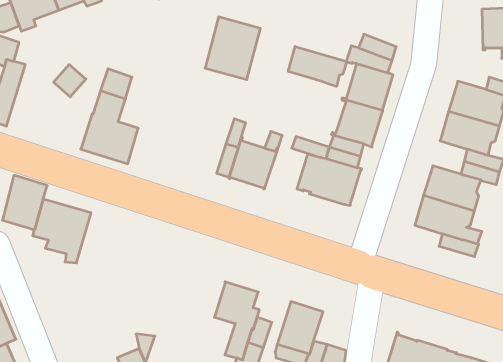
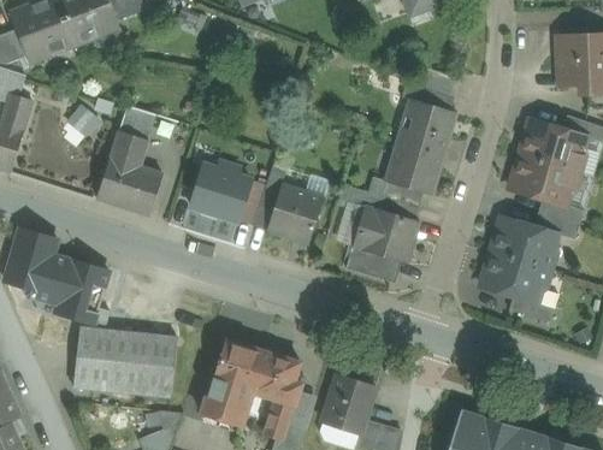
building: [205,17,260,80] -> [195,150,259,223]
building: [288,46,347,86] -> none
building: none -> [345,244,400,282]
building: none -> [71,327,176,398]
building: none -> [201,341,261,426]

